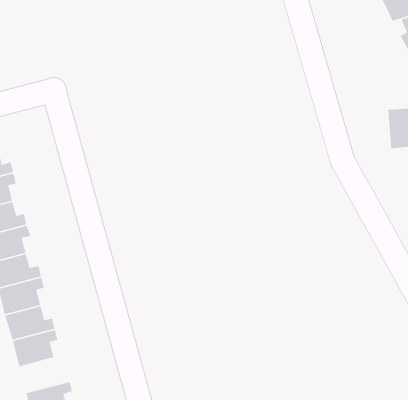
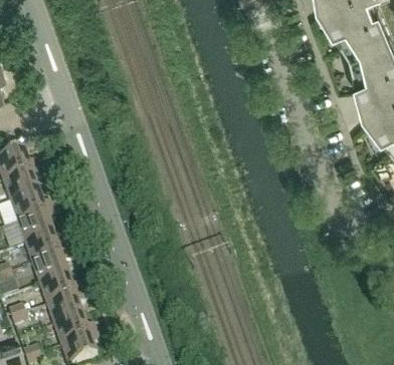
building: none -> [53,314,95,344]

